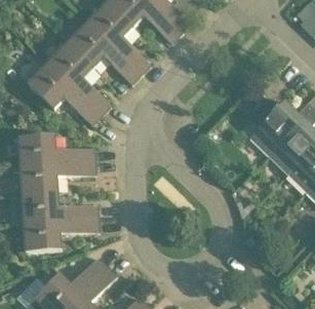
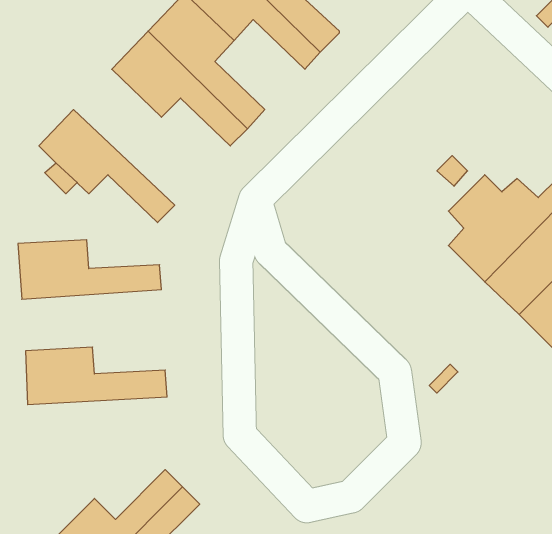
building: [46,42,110,115] -> none
building: [18,160,94,193] -> none
building: [22,218,96,252] -> none

